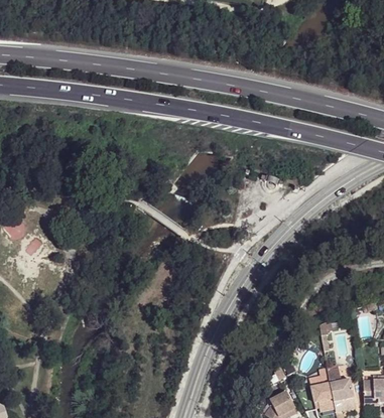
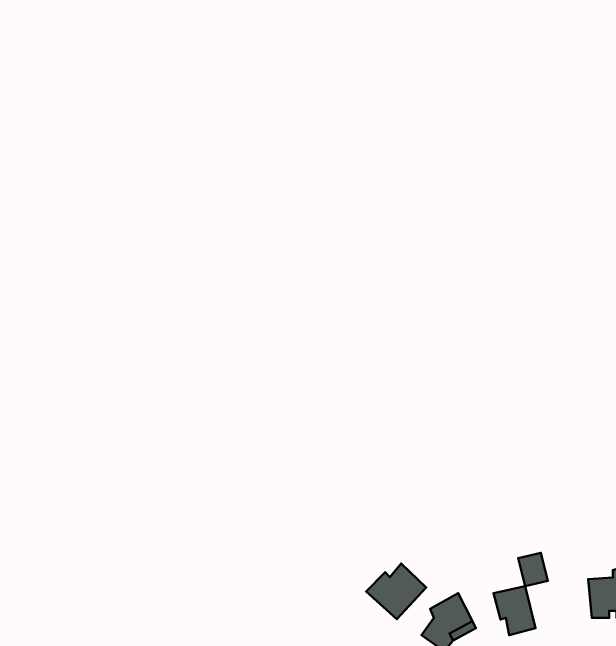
building: none -> [366,564,426,619]
building: [327,374,353,405] -> none

